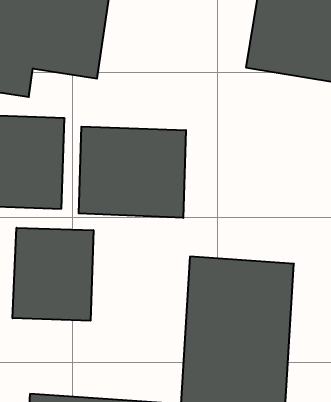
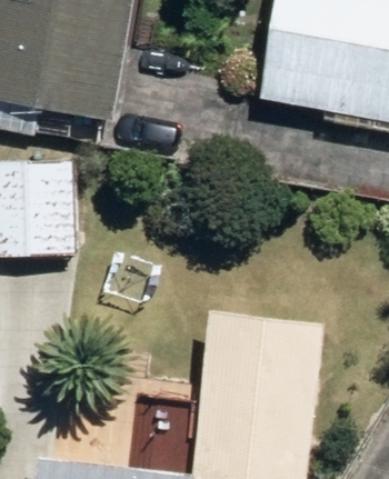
building: [79,127,186,218] -> none
building: [13,228,93,321] -> none

